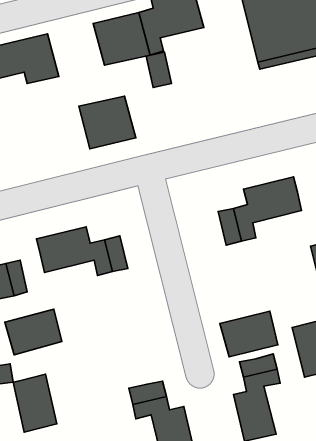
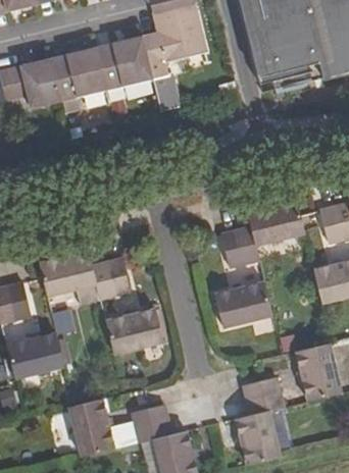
building: [79,96,136,149] -> [50,46,107,99]
building: none -> [106,309,162,354]
building: [220,311,278,357] -> [214,282,272,328]
building: [13,374,57,432] -> [69,399,113,457]

